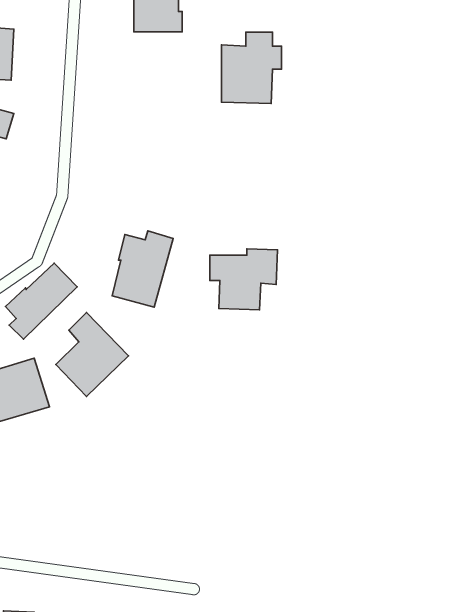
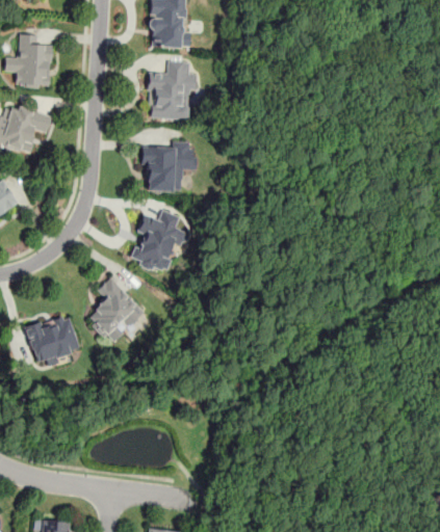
building: [222,32,282,104] -> [148,61,197,119]
building: [210,249,277,310] -> [141,141,197,191]
building: [5,263,77,339] -> none

